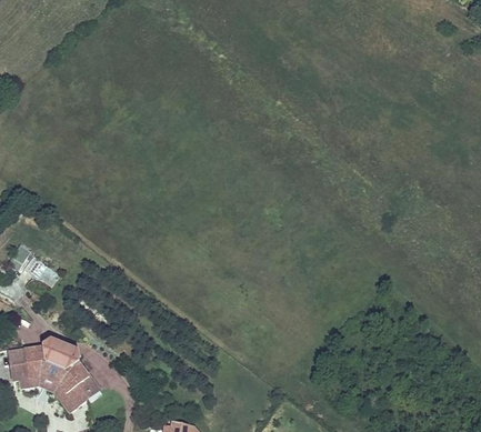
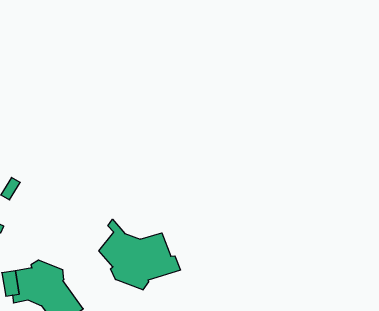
building: none -> [99,219,181,290]

